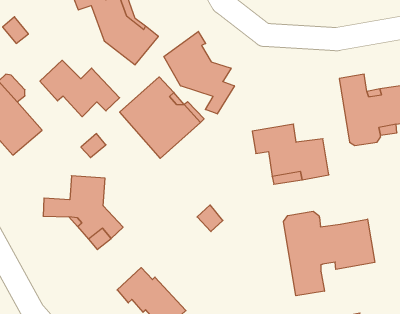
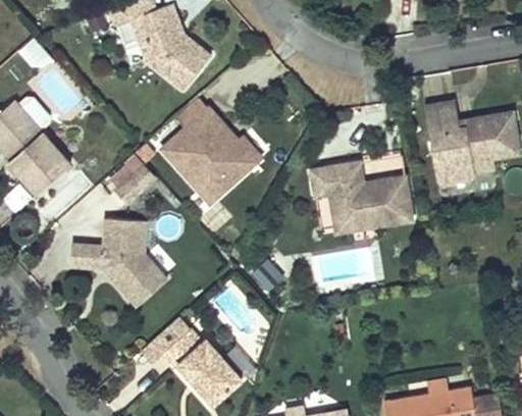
building: [164,31,234,114] -> none
building: [40,60,120,117] -> none
building: [283,211,375,296] -> none

